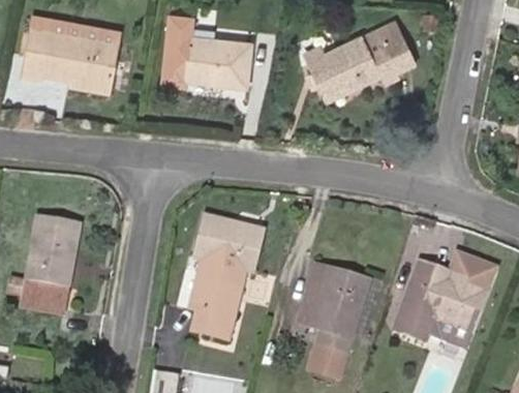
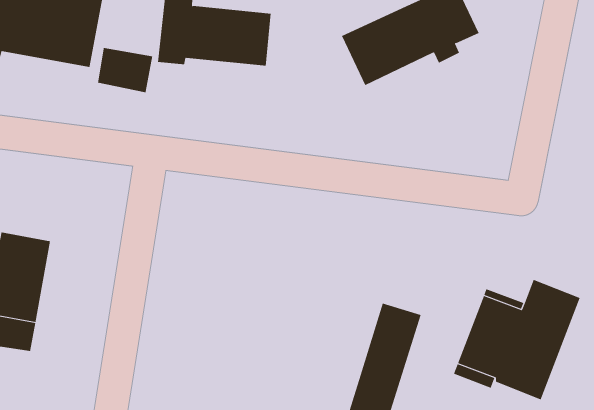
building: none -> [97,47,153,93]
building: [189,217,262,337] -> none
building: [298,265,339,329] -> none

